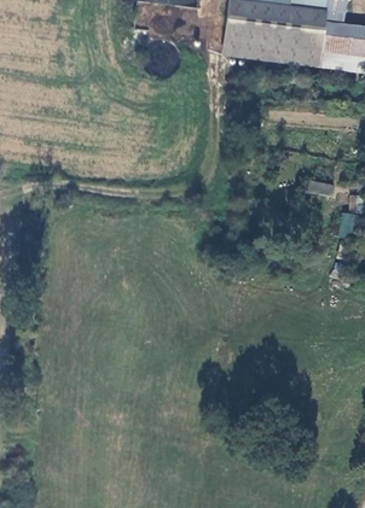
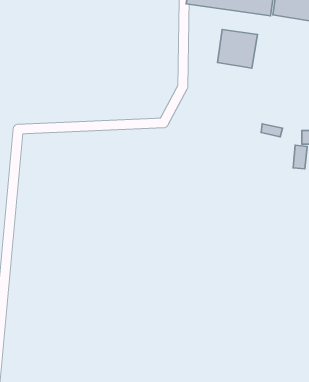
building: none -> [218,30,257,68]

